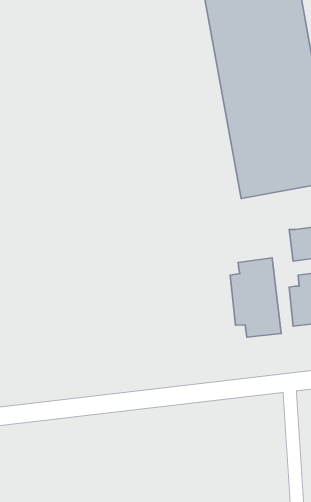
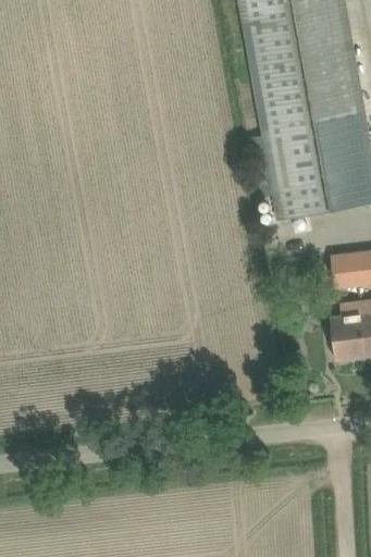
building: [230,258,281,337] -> none

